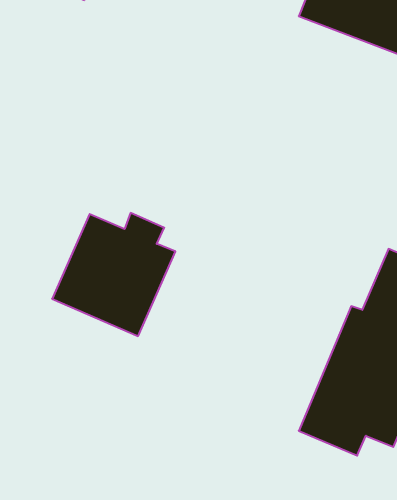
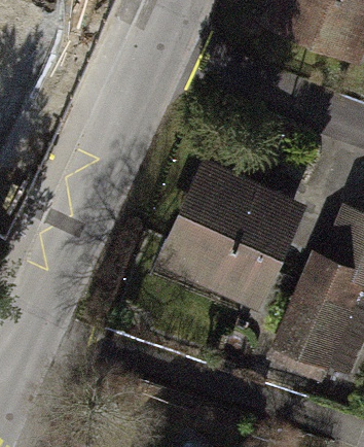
building: [52,213,175,336] -> [181,179,283,281]

